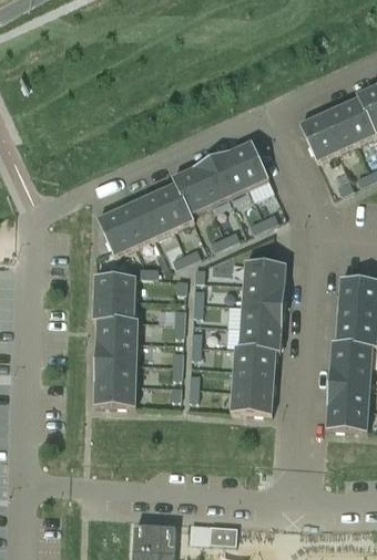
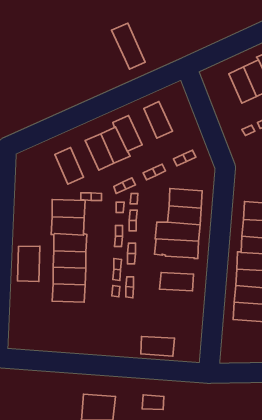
building: [300,114,338,160] -> none
building: [232,141,275,199] -> [111,23,145,69]
building: [193,158,230,205] -> none
building: [119,199,155,246] -> none
building: none -> [18,246,40,282]
building: [235,344,277,370] -> none
building: [232,388,275,414] -> [141,336,174,356]

